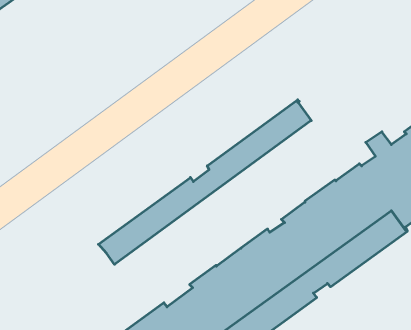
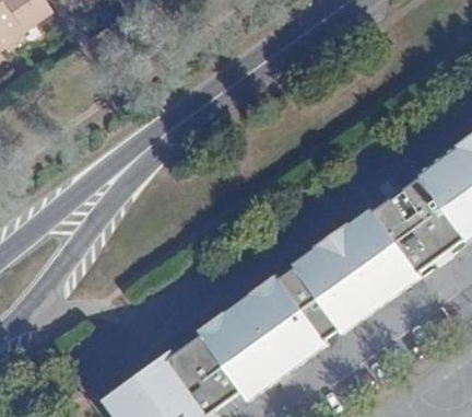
building: [98,100,311,264] -> none

